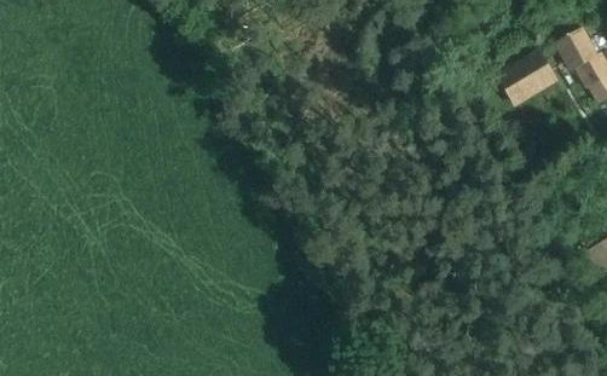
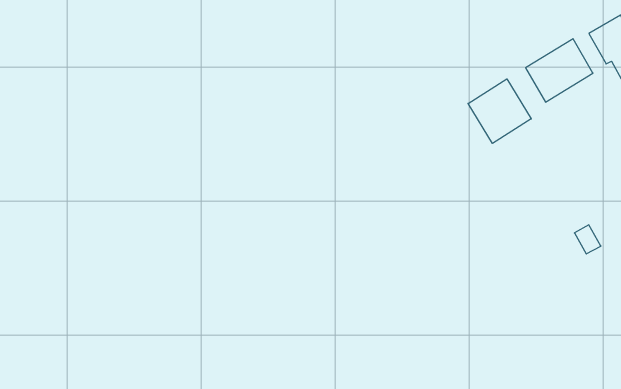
building: none -> [468,79,531,143]

